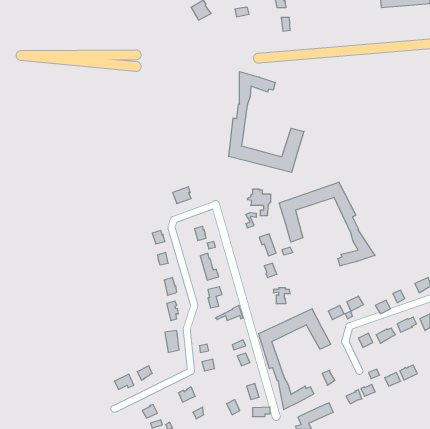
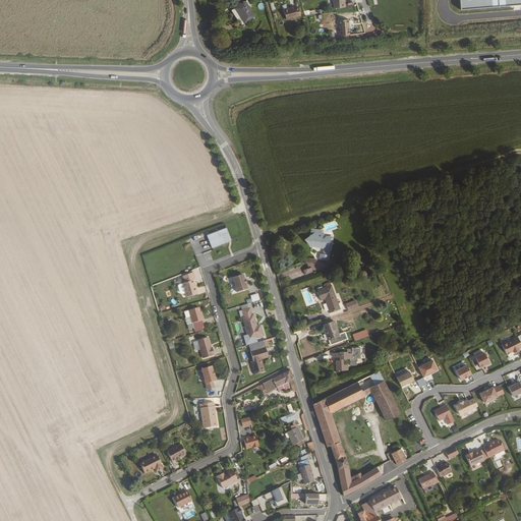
building: [229,72,304,172] -> none
building: [279,182,375,266] -> none

